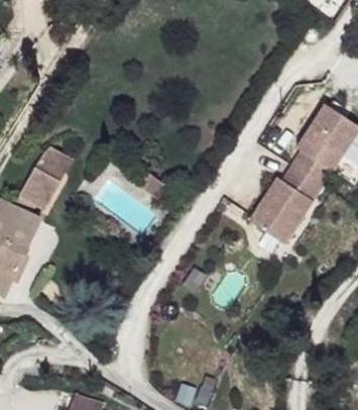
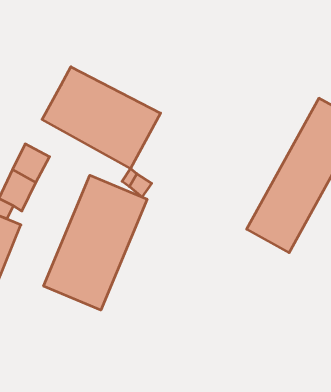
building: none -> [42,67,161,169]
building: none -> [44,175,147,310]

